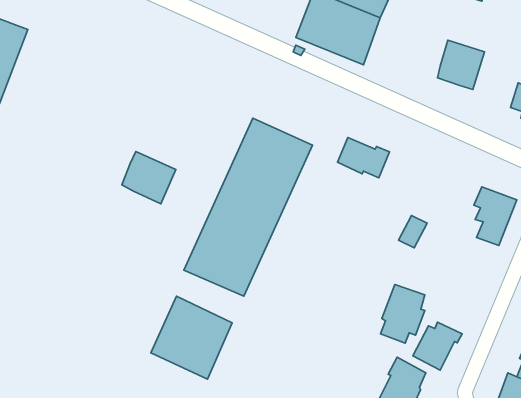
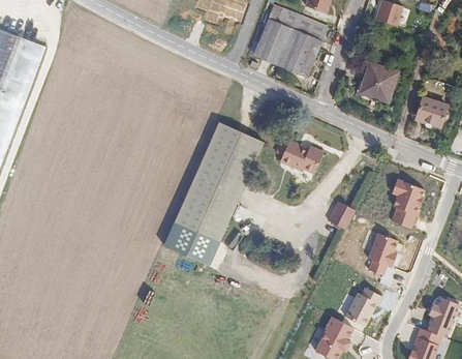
building: [122,152,176,204] -> none
building: [380,285,425,343] -> [365,229,400,275]
building: [151,296,232,379] -> none

